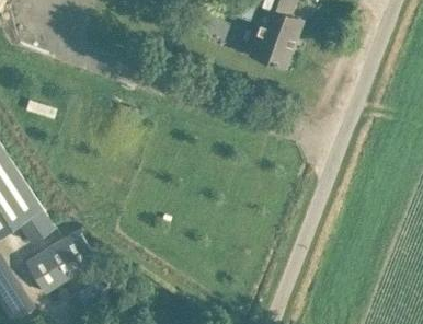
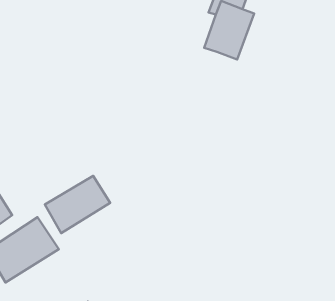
building: none -> [45,176,110,233]

